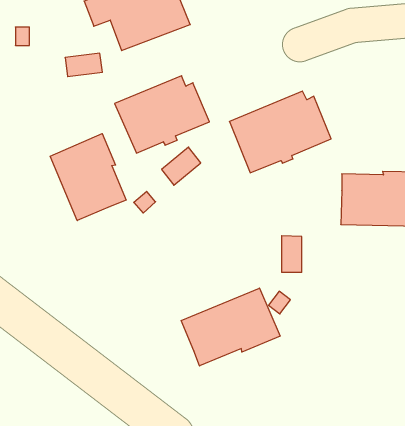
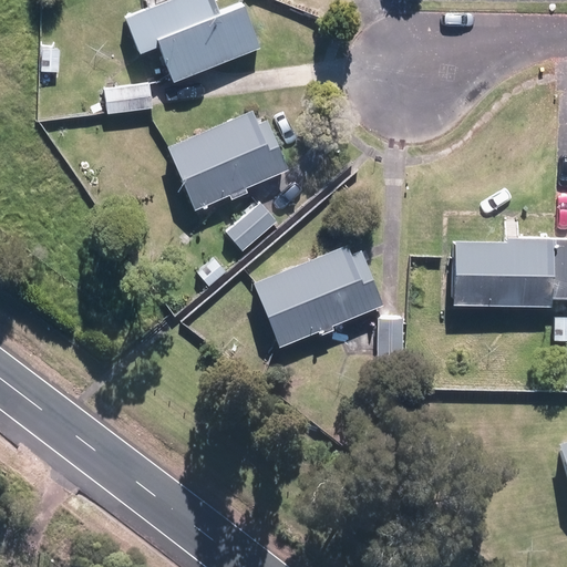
building: [229,91,331,173] -> [254,244,383,348]
building: [50,134,126,221] -> none
building: [181,288,280,366] -> none

